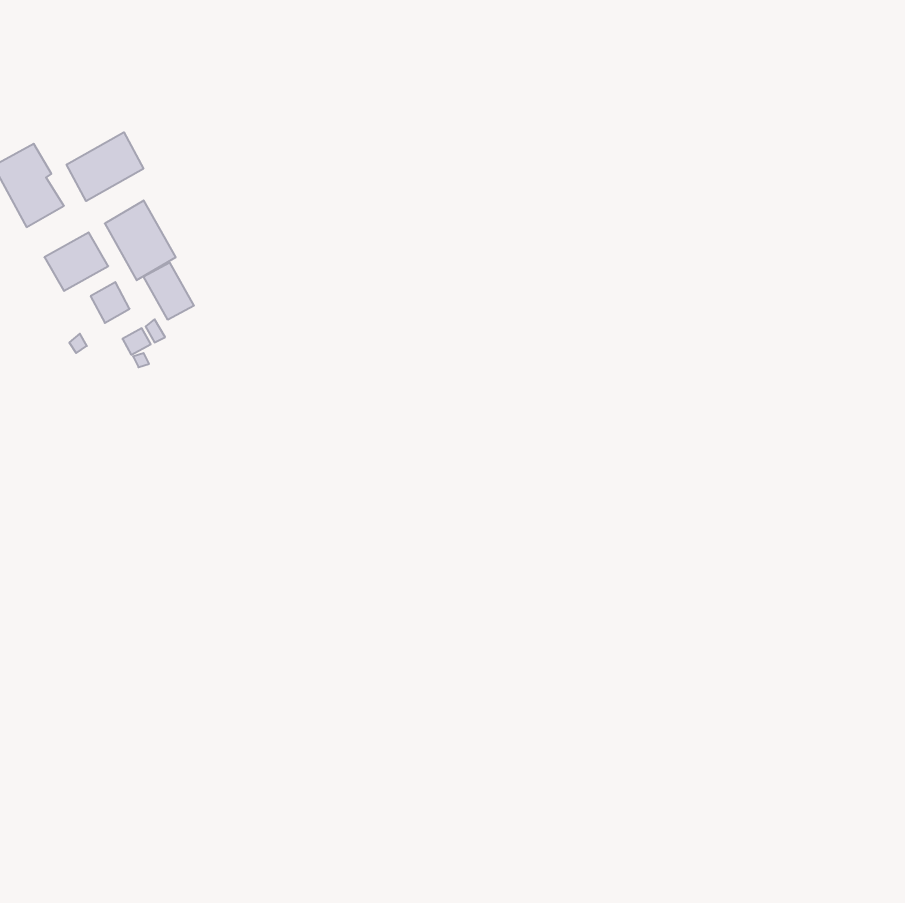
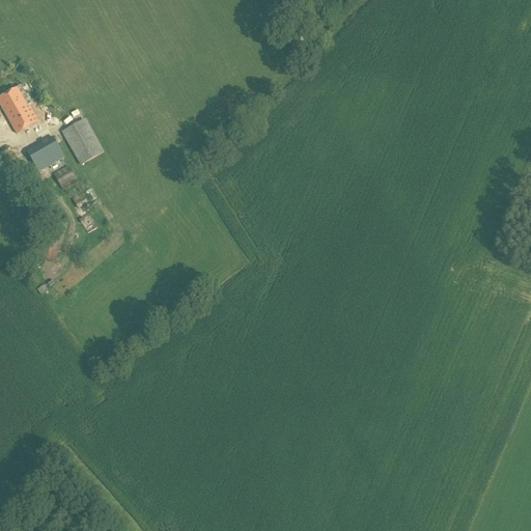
building: [67,132,143,201] -> none
building: [144,263,194,320] -> none

